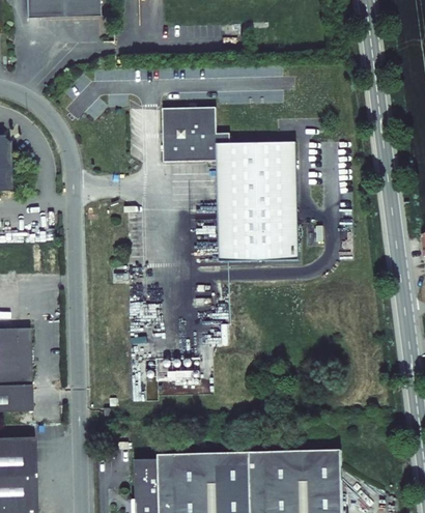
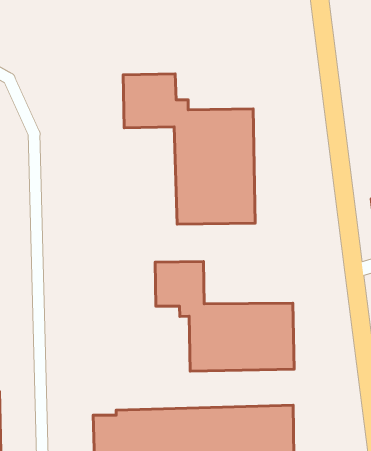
building: none -> [155,261,294,371]

